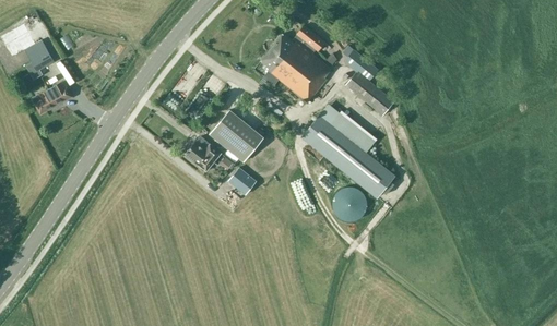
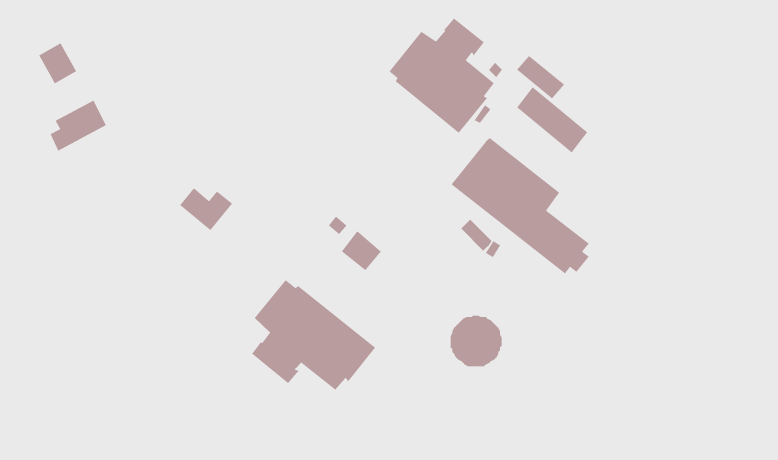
building: [209,108,263,160] -> none
building: [185,142,221,171] -> [179,187,233,231]
building: [330,185,365,220] -> [450,315,502,367]
building: none -> [251,279,376,391]

